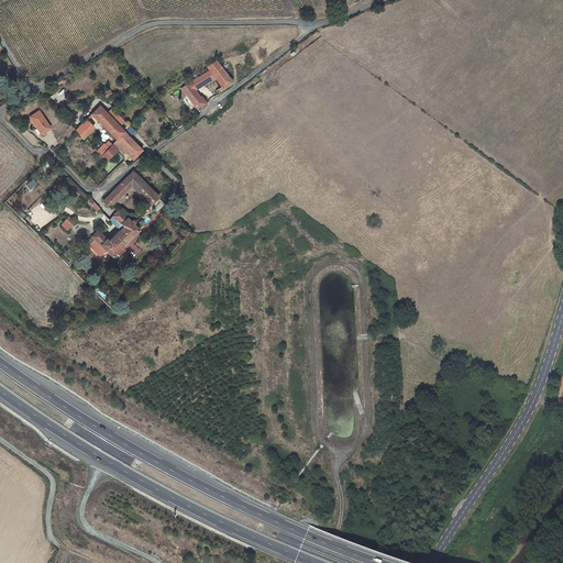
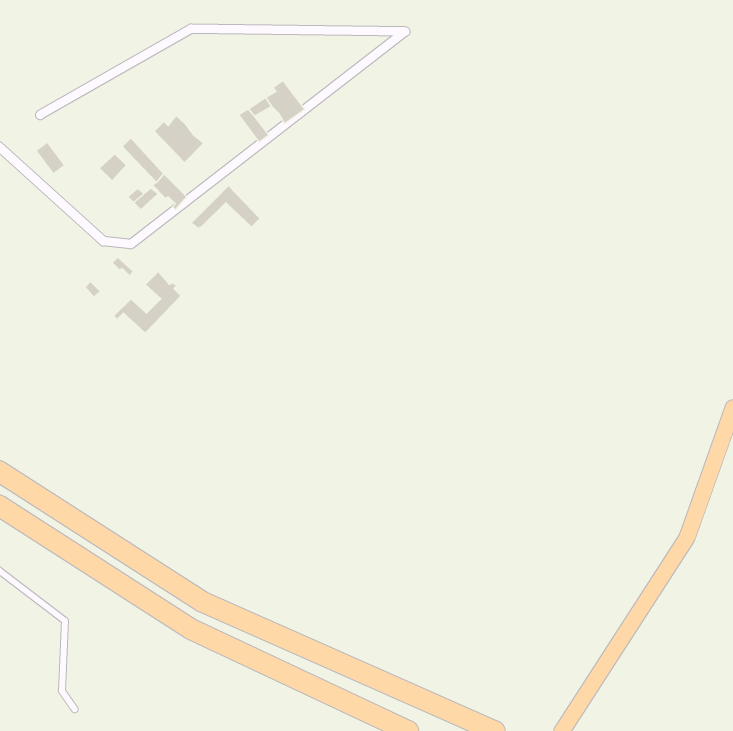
building: none -> [154,116,204,163]
building: [106,172,158,205] -> [191,186,260,229]

